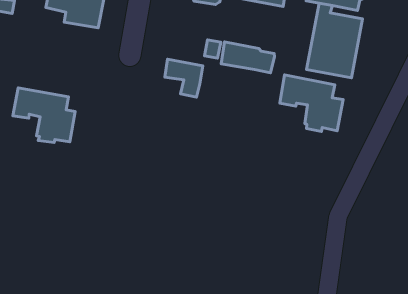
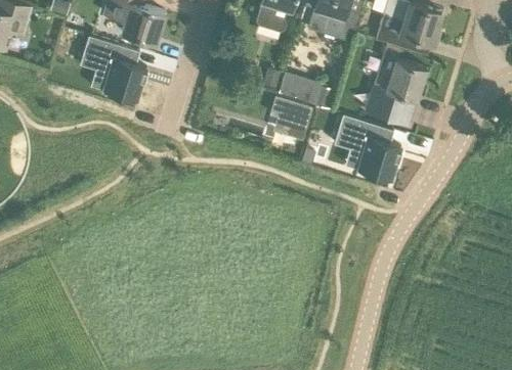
building: [165,59,203,97] -> [270,97,311,140]
building: [13,88,75,143] -> [81,37,146,99]

